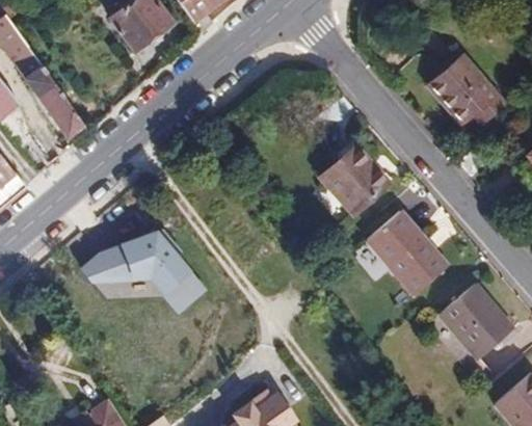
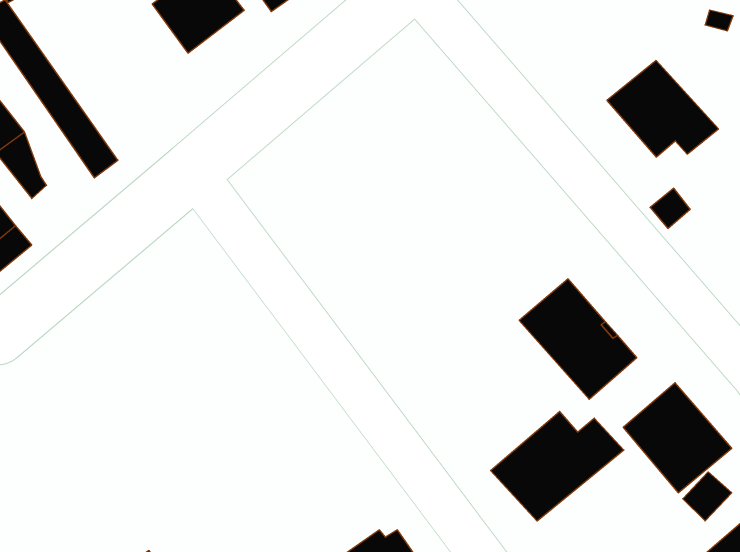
building: [320,145,388,213] -> none
building: [82,228,209,314] -> none
building: none -> [491,411,624,521]

